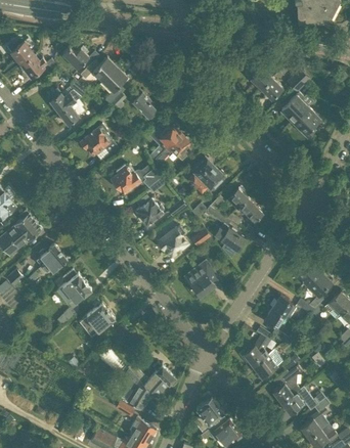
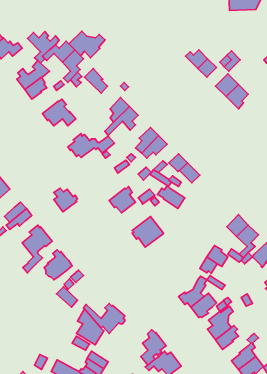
building: none -> [69,31,105,58]
building: [136,197,164,225] -> [54,188,78,212]

